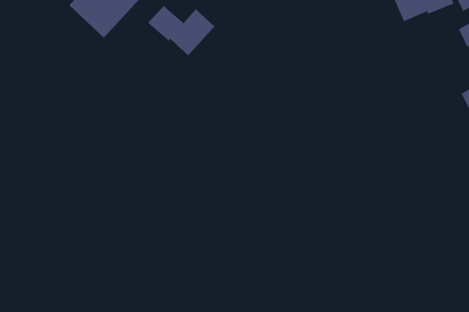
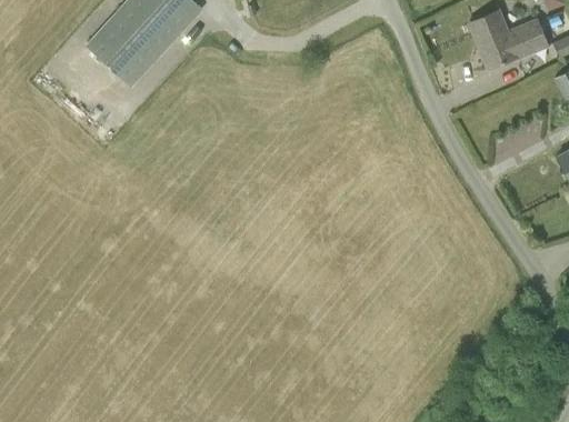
building: [147,5,215,56] -> none

